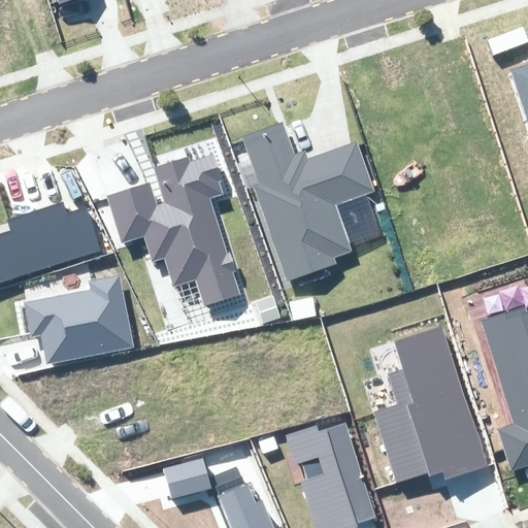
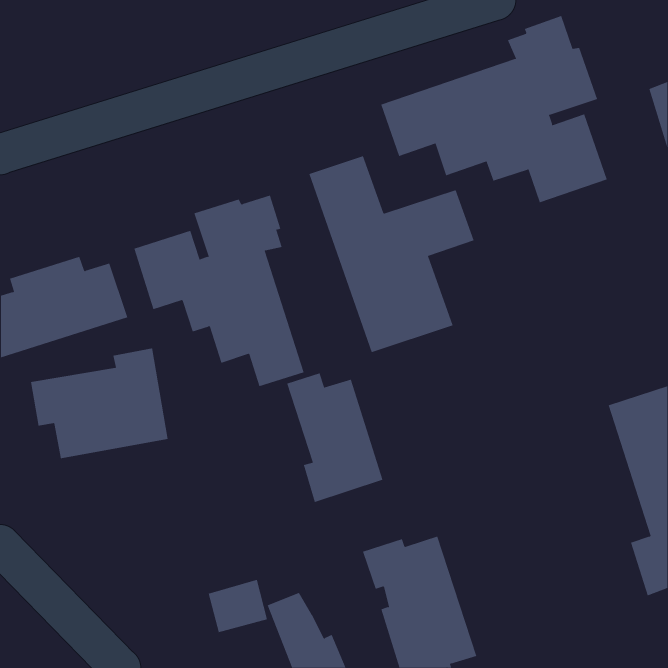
building: none -> [381,15,607,203]
building: none -> [286,372,383,503]
building: [373,327,488,484] -> none

